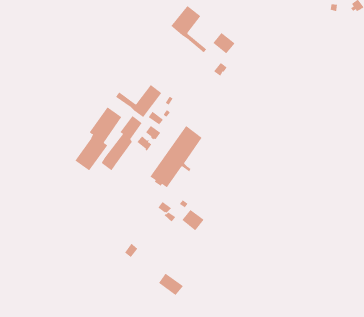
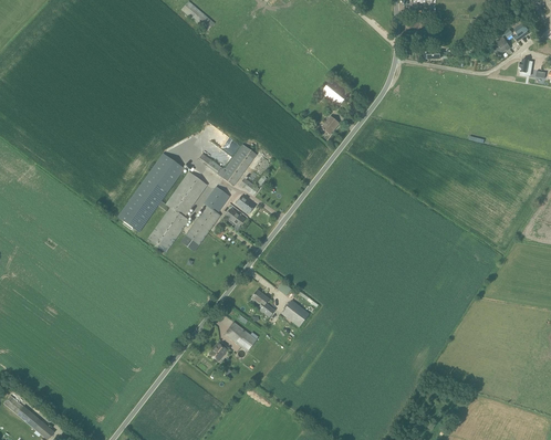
building: [170,5,207,53] -> none
building: [150,125,203,188] -> [117,151,184,230]
building: [158,273,184,296] -> [225,321,257,349]

